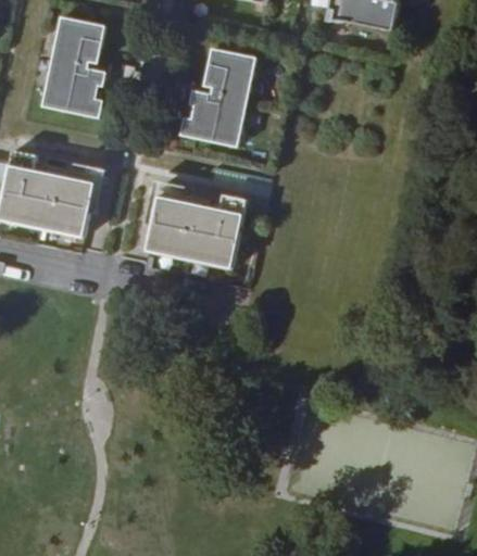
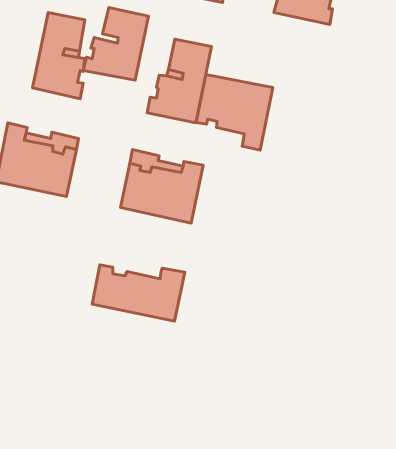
building: none -> [83,8,149,80]
building: none -> [196,75,273,150]
building: none -> [92,265,185,321]

